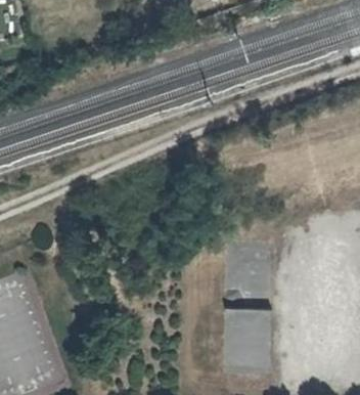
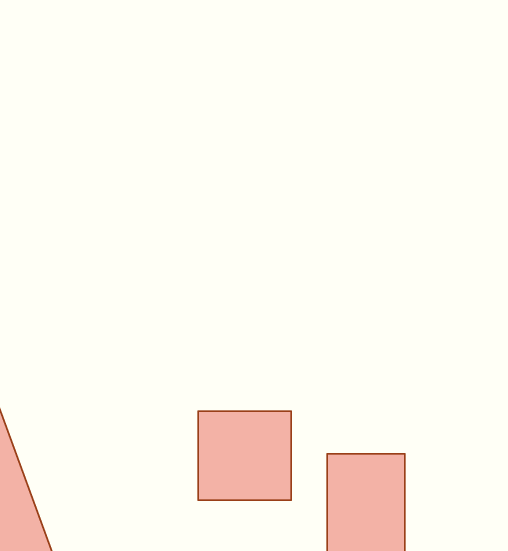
building: none -> [198,411,291,500]

